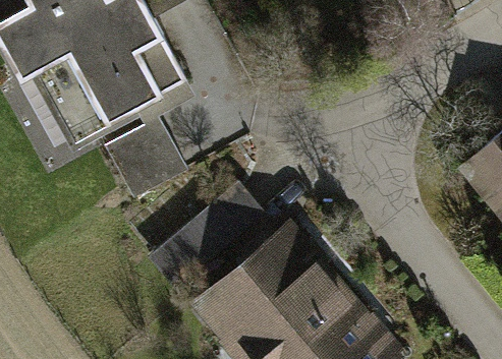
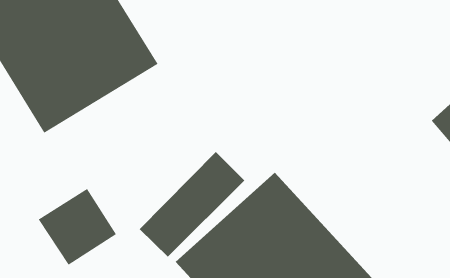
building: [105,119,186,198] -> [38,188,117,265]

